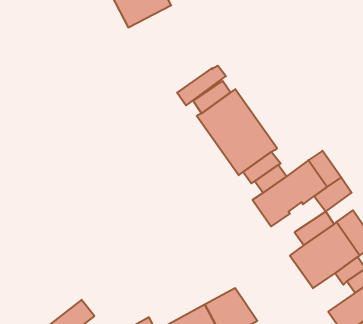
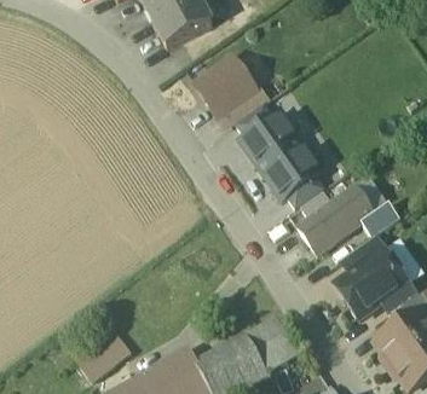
building: none -> [195,58,253,115]

